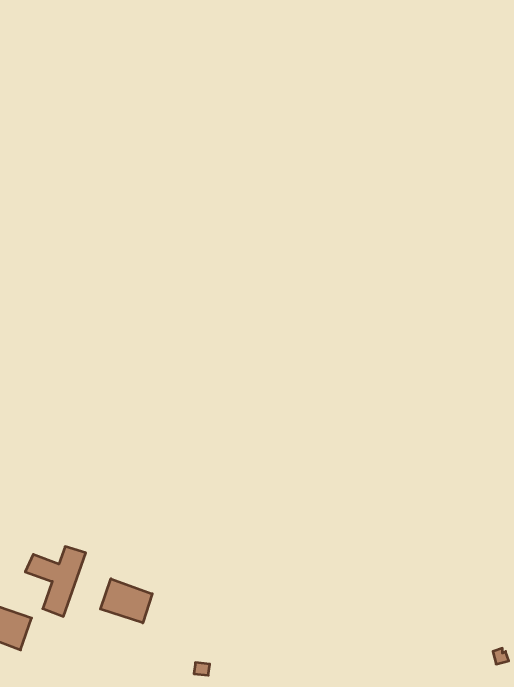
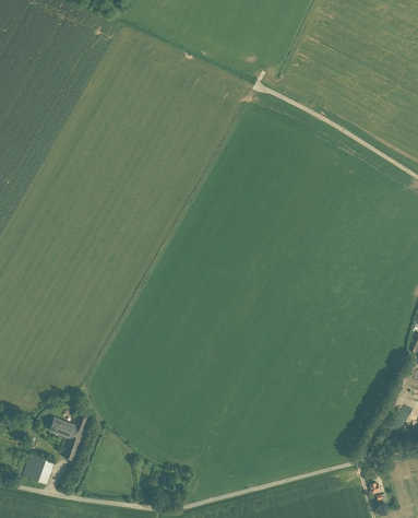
building: [100,579,152,623] -> none

